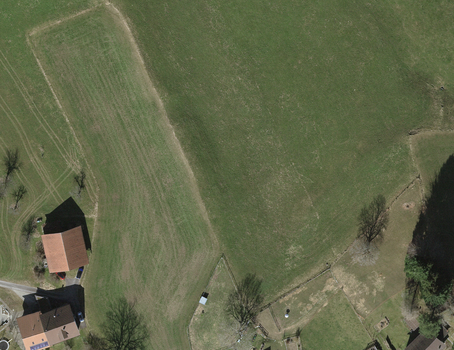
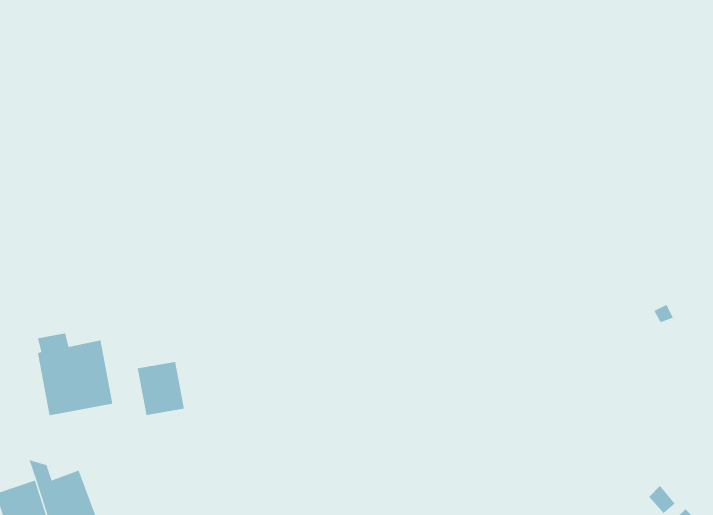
building: none -> [137,361,184,416]

